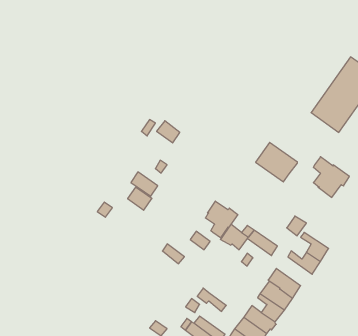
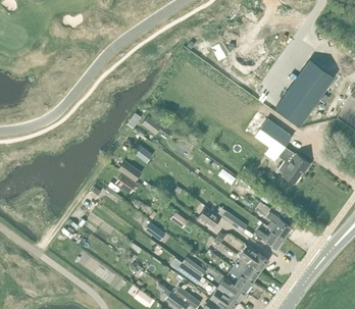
building: [256,142,297,182] -> [255,119,292,154]
building: [205,201,238,238] -> none

